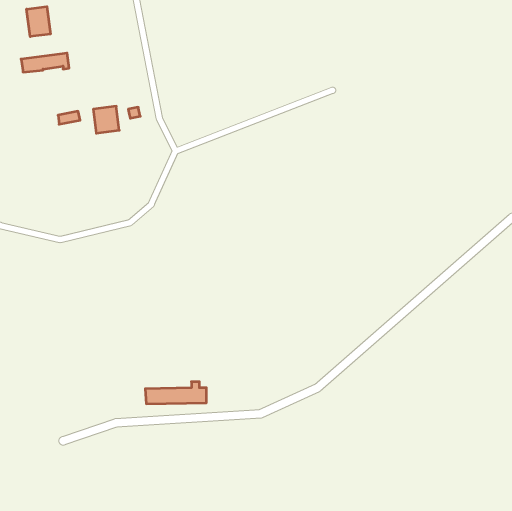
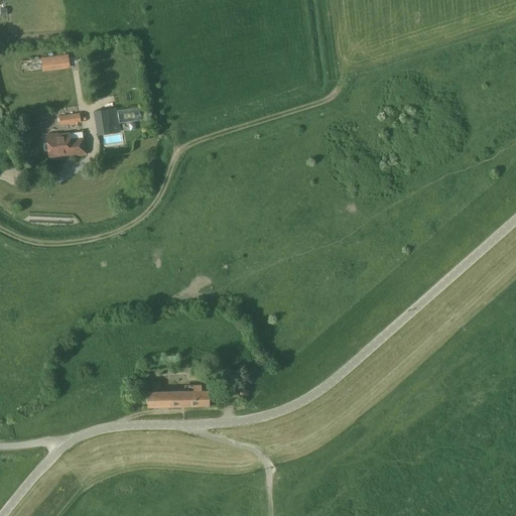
building: [27,7,50,37] -> none
building: none -> [43,131,86,155]

